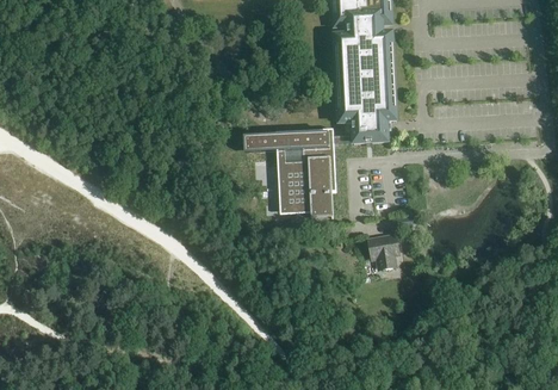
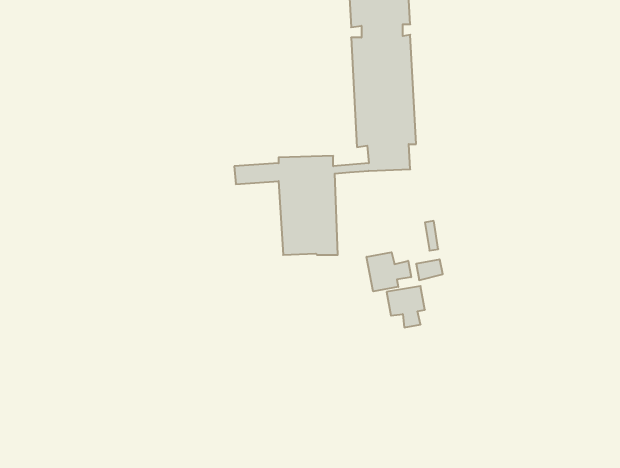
building: none -> [367,252,411,291]

